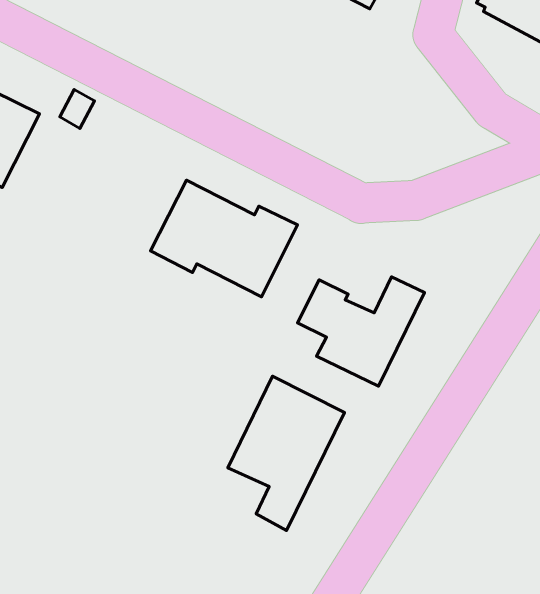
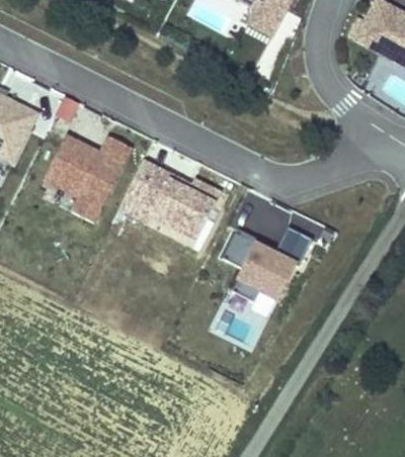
building: none -> [43,132,133,220]
building: [228,376,344,530] -> none

